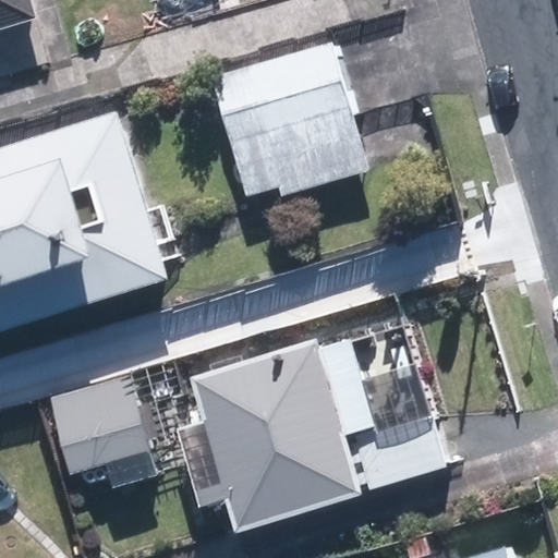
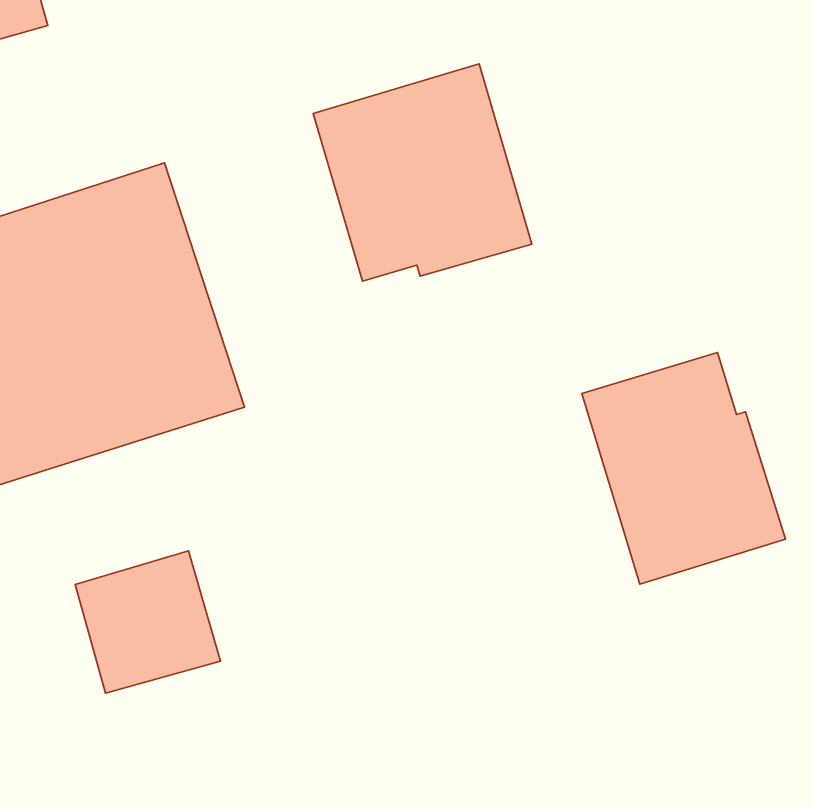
building: none -> [582,352,786,584]
building: [193,340,374,533] -> none

